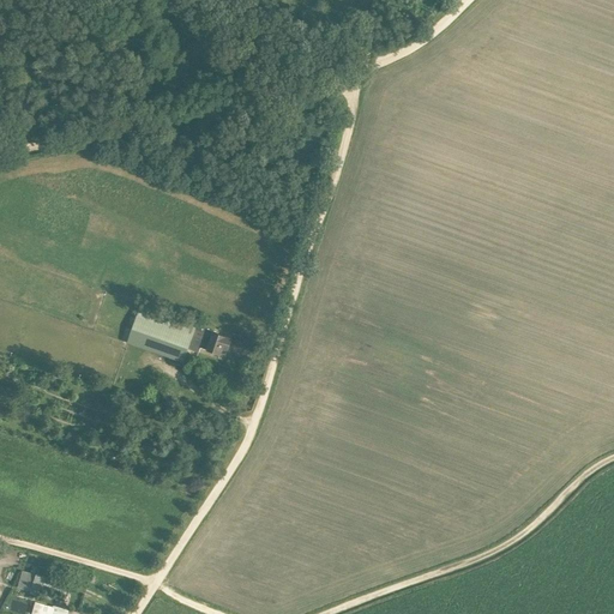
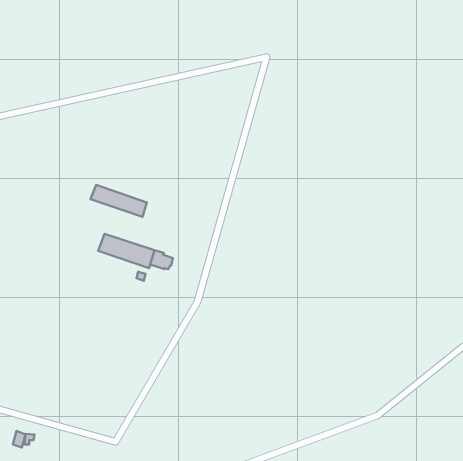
building: none -> [90,185,147,217]

